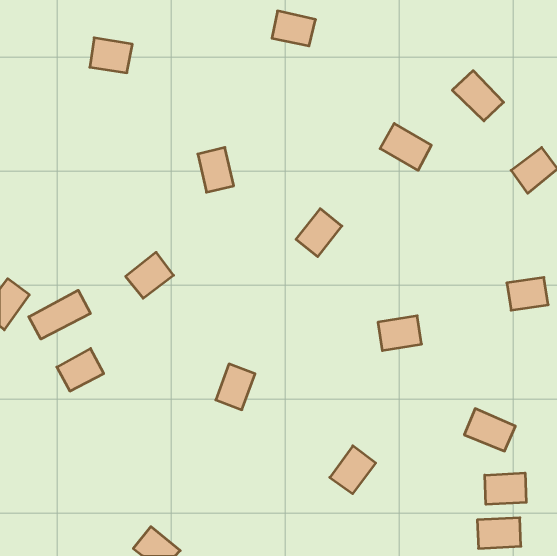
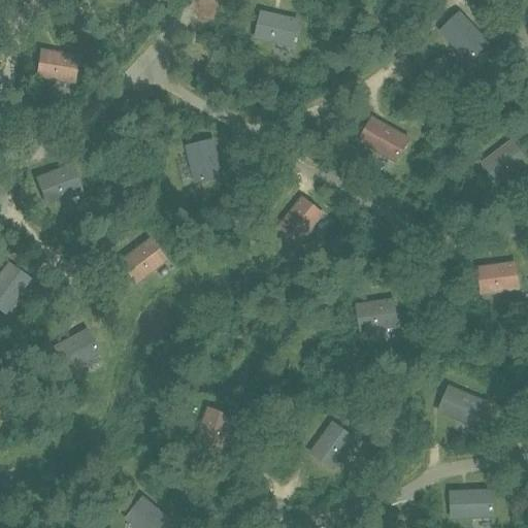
building: [90,38,132,73] -> [36,47,76,80]
building: [452,71,504,121] -> [439,12,488,60]
building: none -> [37,164,79,200]
building: [29,290,90,339] -> none
building: [216,364,255,410] -> [195,406,232,450]
building: [485,473,526,504] -> none

